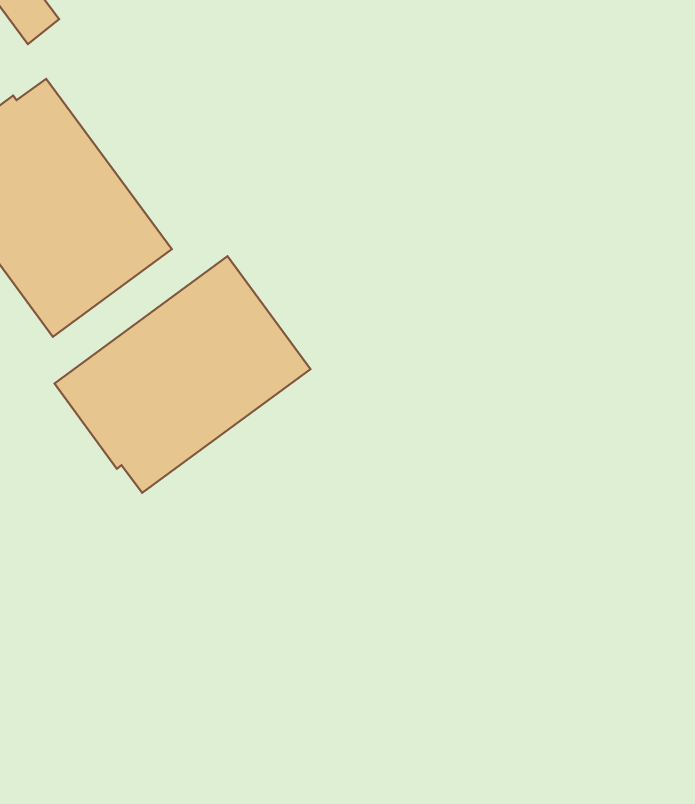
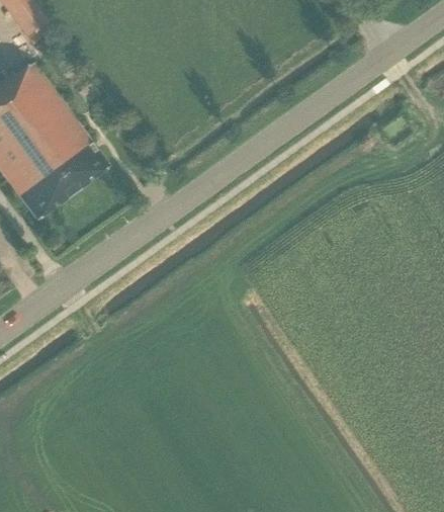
building: [54,256,311,493] -> none

